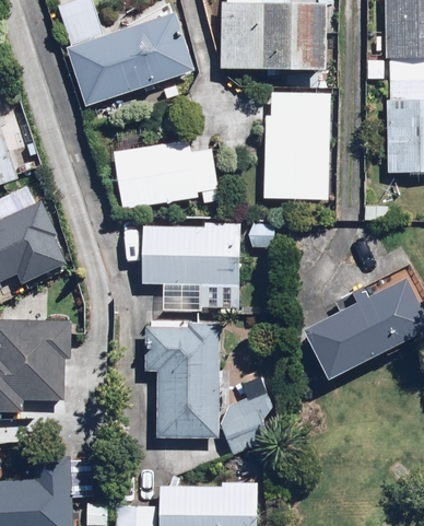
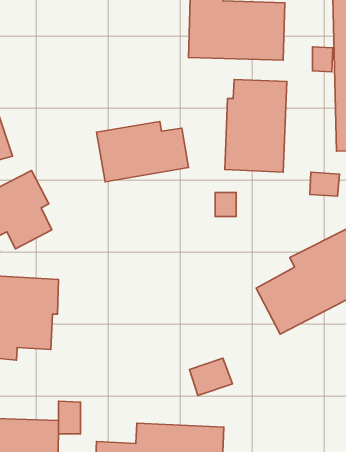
building: [67,8,195,105] -> none
building: [138,223,239,309] -> none
building: [143,323,221,436] -> none

